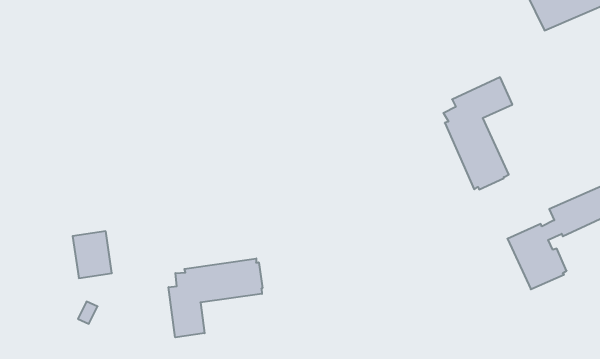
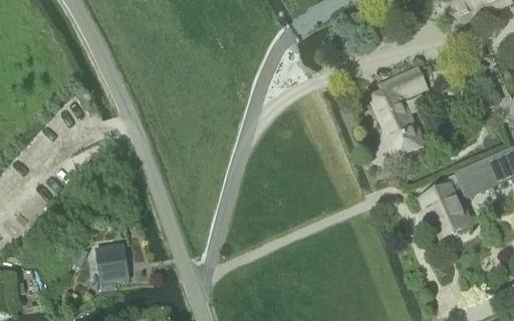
building: [73,231,112,278] -> [96,243,128,281]
building: [169,258,262,337] -> none

